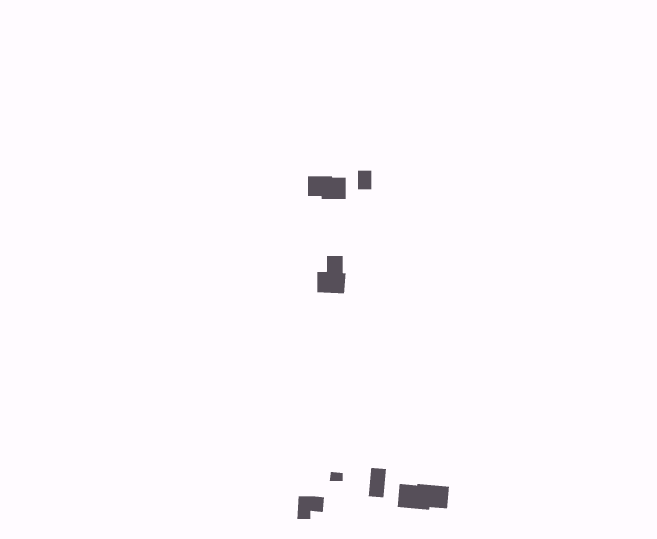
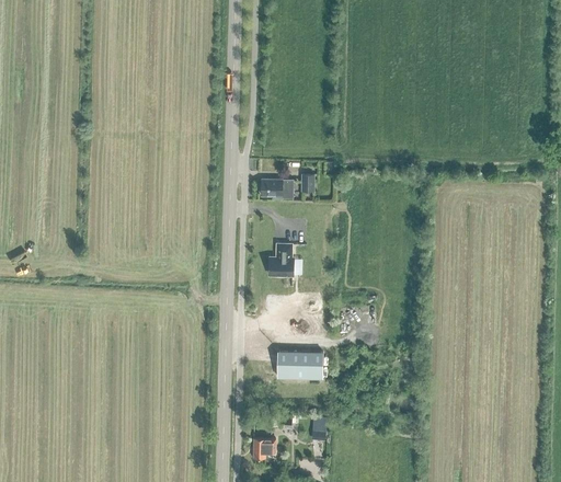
building: none -> [278,352,322,379]
building: [397,483,450,511] -> none

